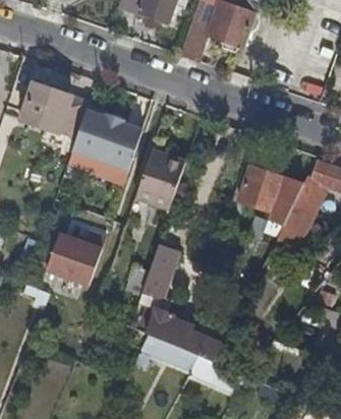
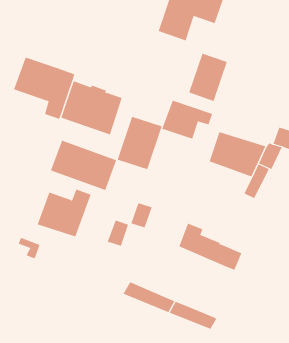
building: none -> [189,53,227,102]
building: none -> [161,100,213,140]
building: none -> [50,140,117,191]
building: [151,308,222,361] -> [179,223,242,270]

